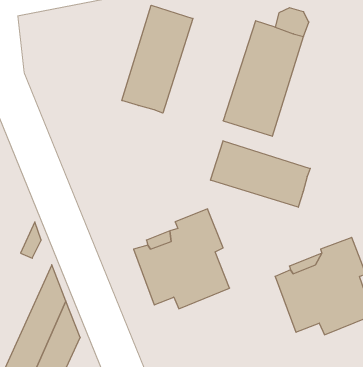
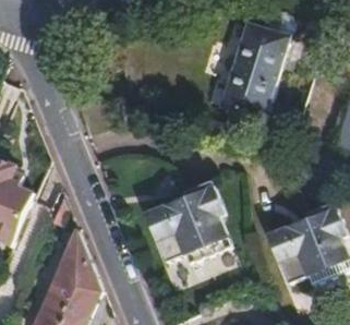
building: [122,5,193,113] -> none
building: [211,141,310,207] -> none

